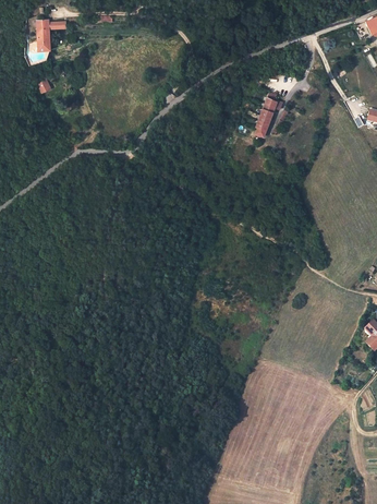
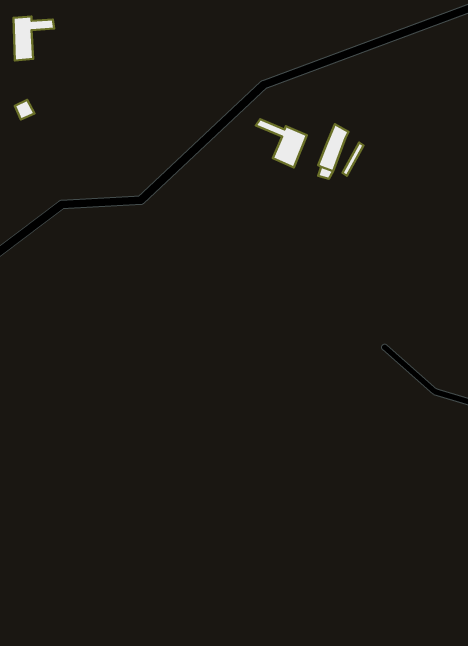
building: none -> [256,119,307,168]

